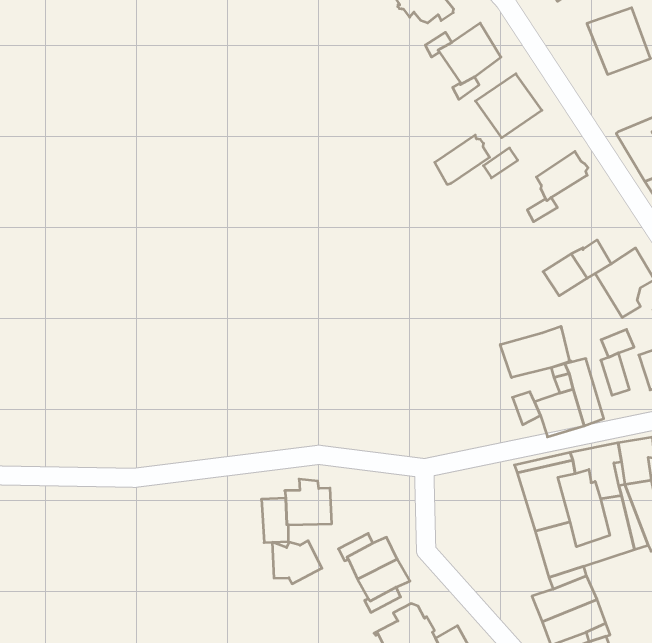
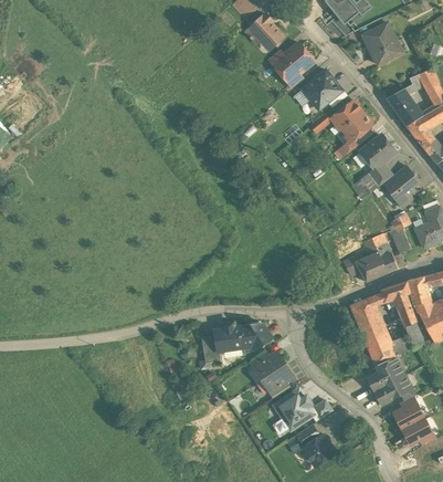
building: [435,135,490,184] -> [331,99,363,130]
building: none -> [361,135,395,169]
building: [500,326,571,378] -> none
building: [272,541,322,584] -> [241,323,272,349]

